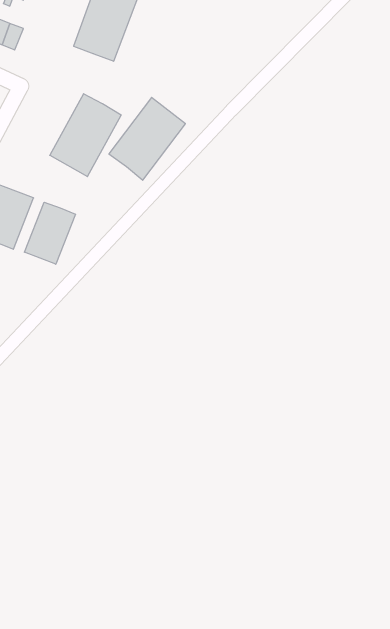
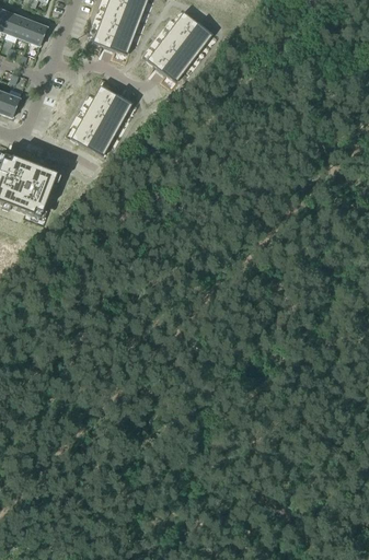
building: [109,97,185,180] -> [146,11,212,83]
building: [24,202,76,264] -> none

